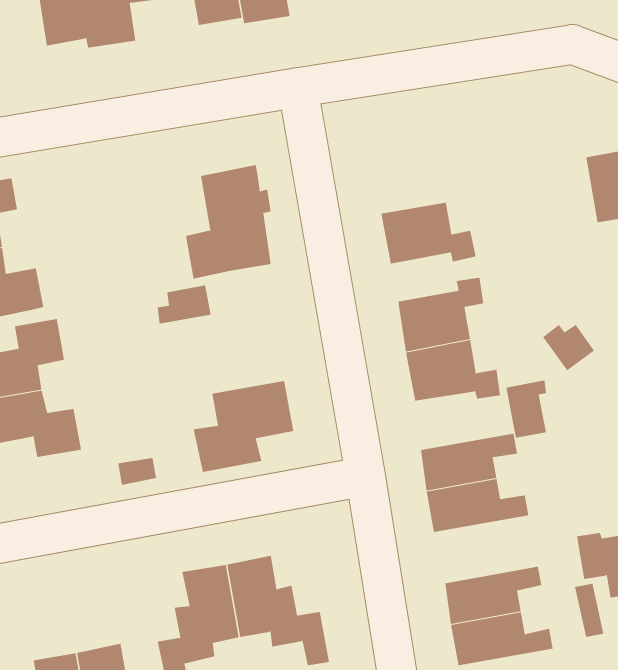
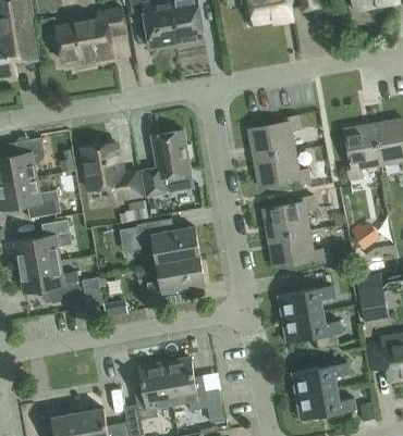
building: none -> [249,115,301,158]
building: none -> [344,125,380,180]
building: none -> [82,142,143,199]
building: none -> [136,217,199,262]
building: [506,380,547,438] -> [358,287,382,321]

